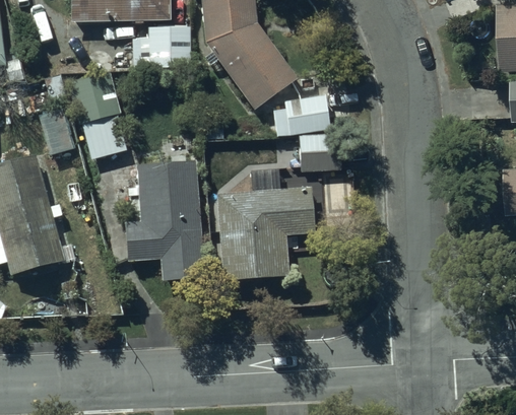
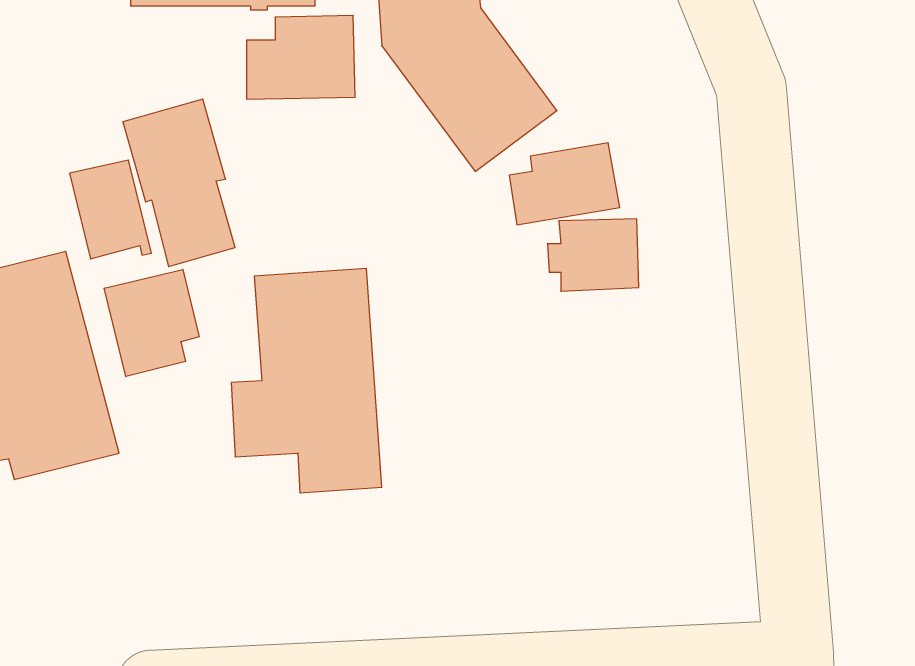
building: none -> [104,269,199,377]
building: [217,169,316,278] -> none

